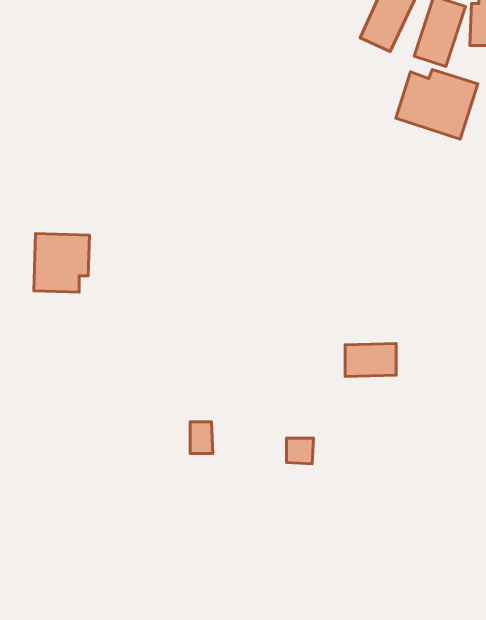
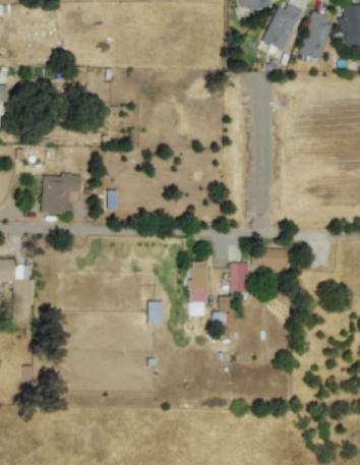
building: [396,69,478,139] -> none
building: none -> [190,261,206,315]
building: none -> [230,263,248,292]

